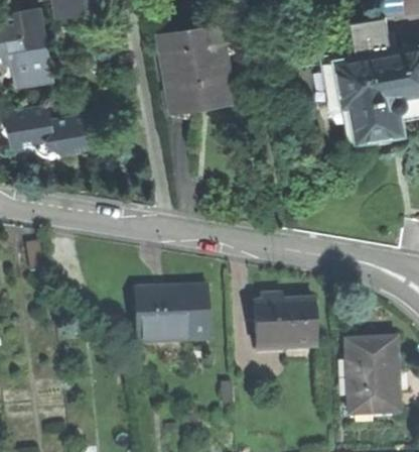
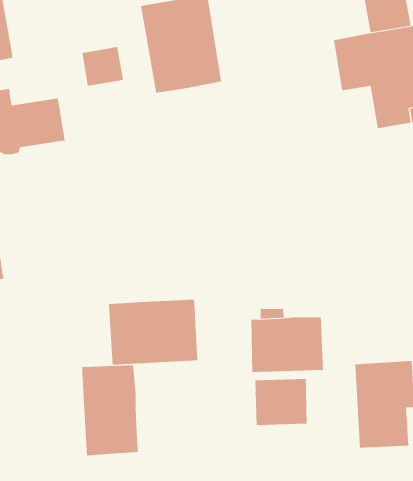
building: none -> [82,46,123,87]
building: none -> [82,364,138,456]
building: none -> [255,378,307,426]

